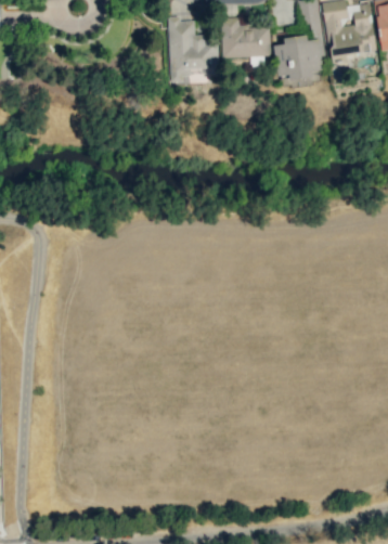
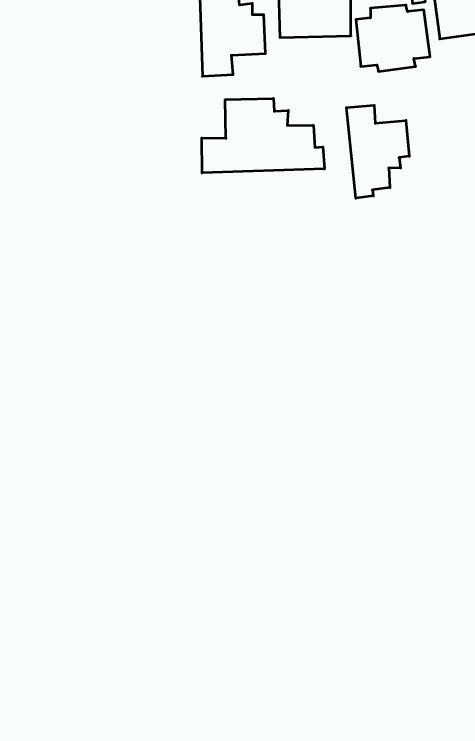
building: none -> [202,98,324,173]
building: none -> [346,105,409,198]

